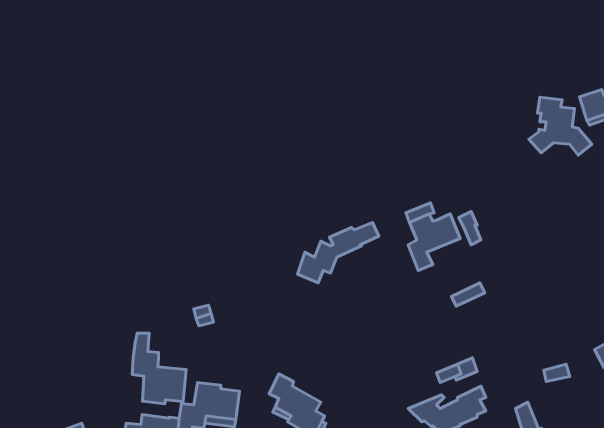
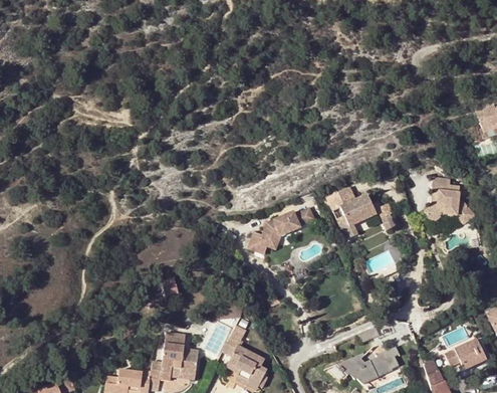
building: [529,97,592,155] -> [423,176,474,223]
building: [132,333,186,404] -> none
building: none -> [444,338,485,371]

